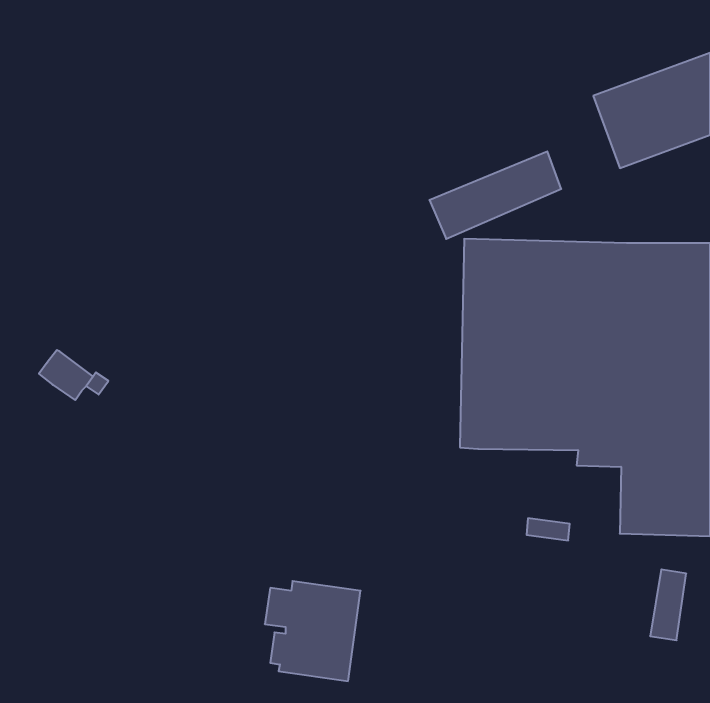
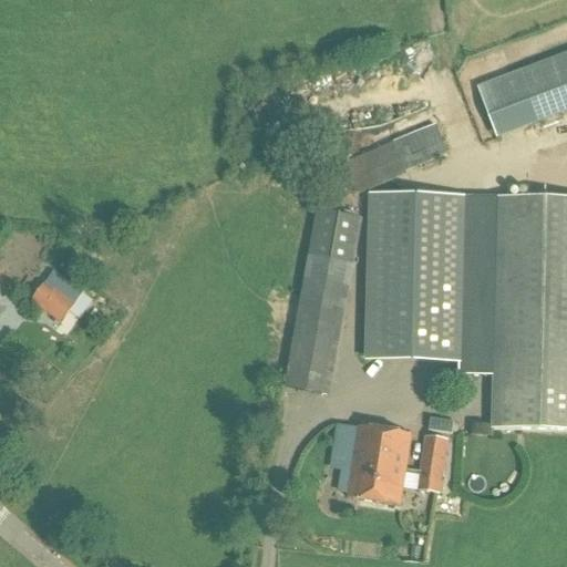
building: none -> [285,206,363,392]
building: [650,569,686,640] -> [417,433,446,489]
building: [265,581,361,681] -> [336,423,412,503]

